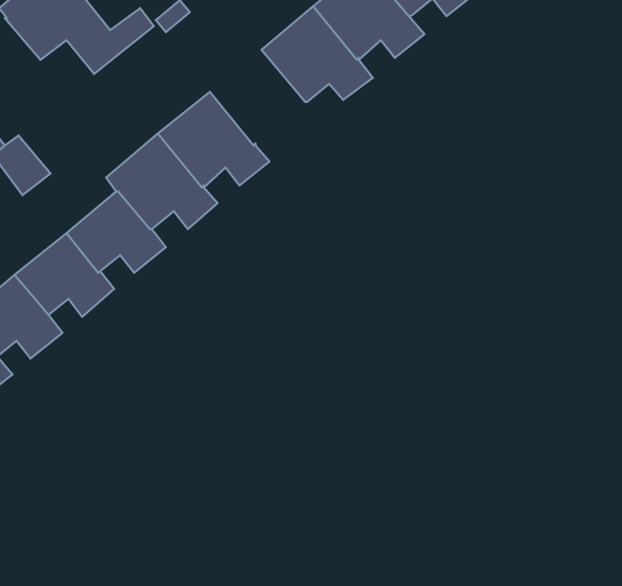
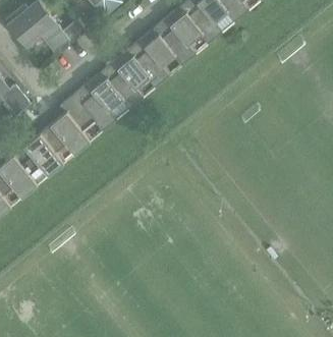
building: none -> [112,41,169,90]

